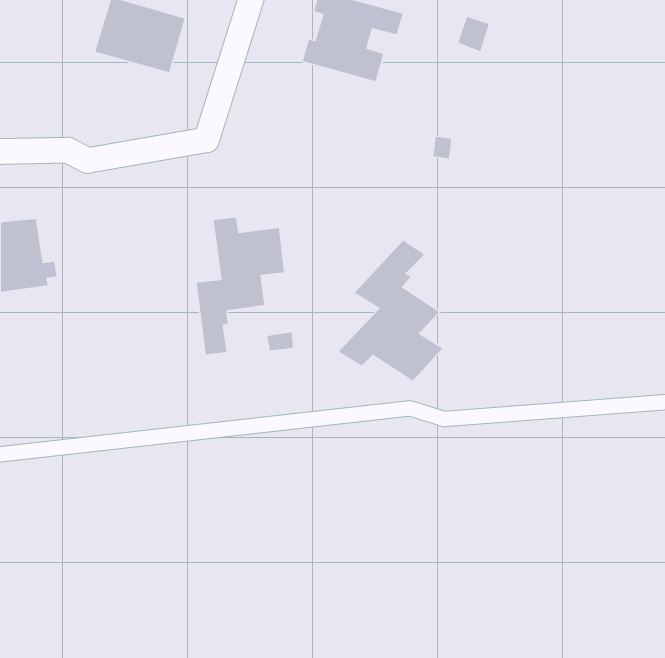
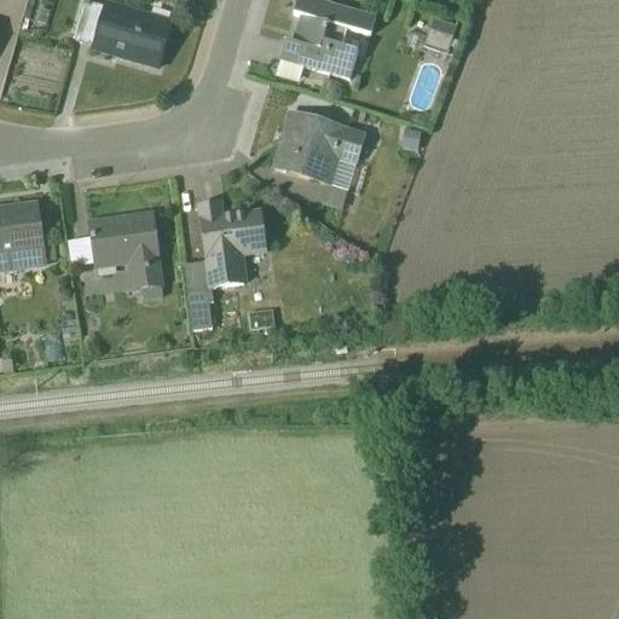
building: none -> [274,111,364,189]
building: none -> [89,210,163,297]
building: [338,240,443,382] -> none

